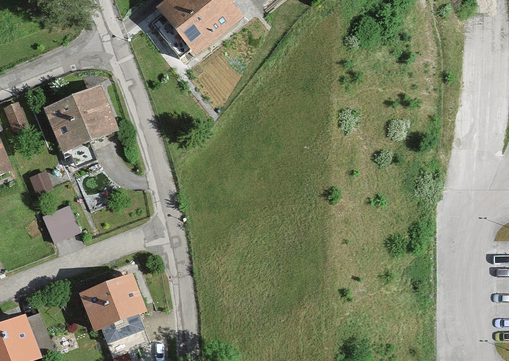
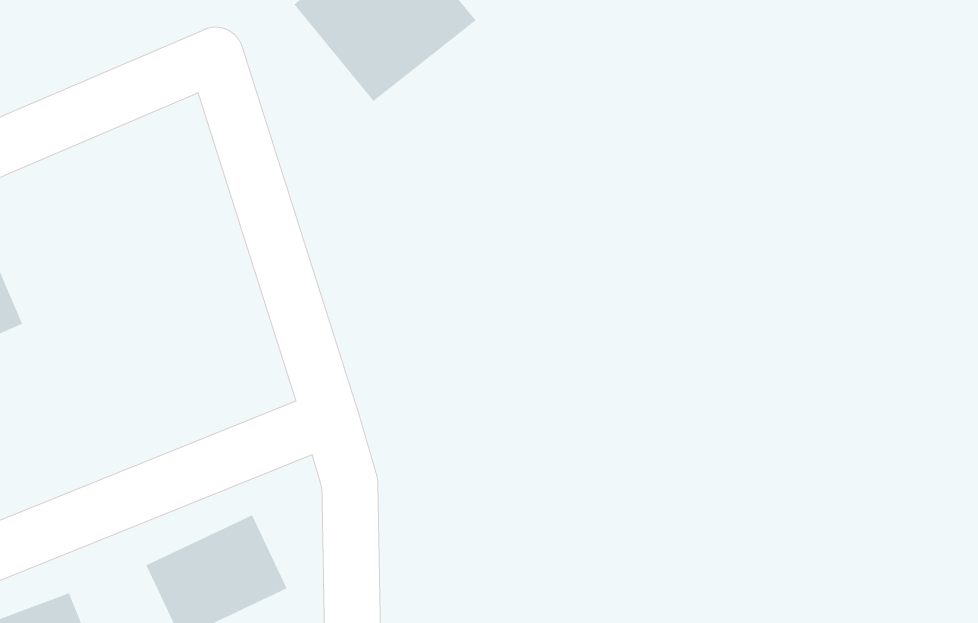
building: [44,89,116,151] -> none
building: [45,201,79,235] -> none

